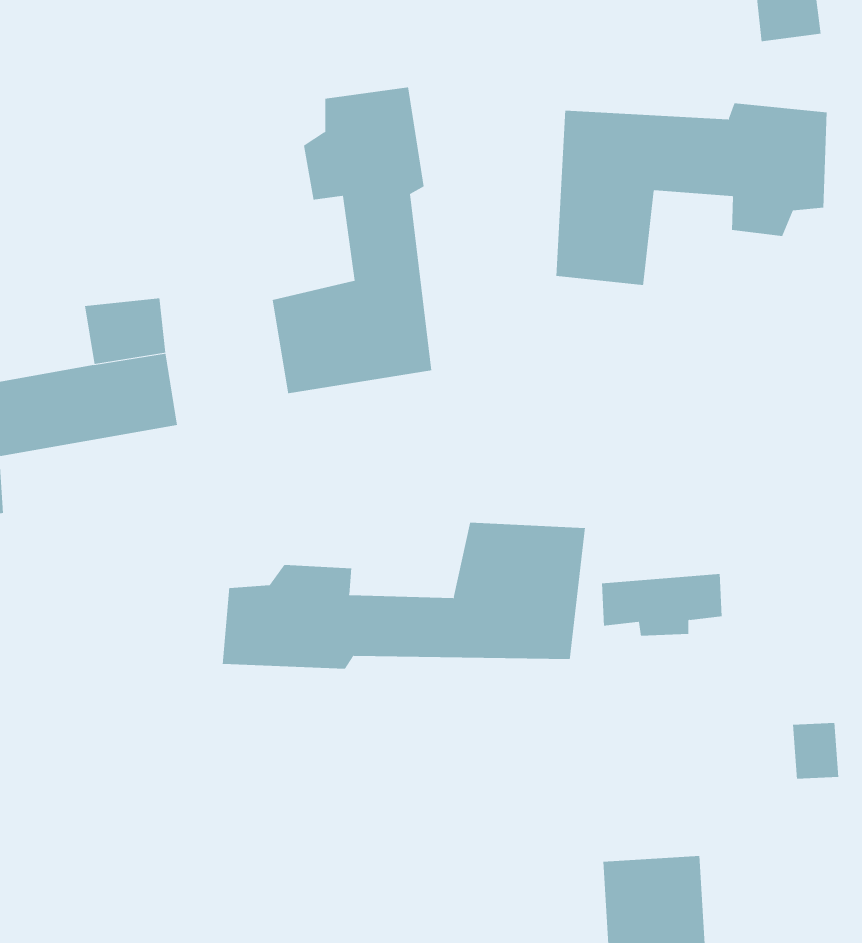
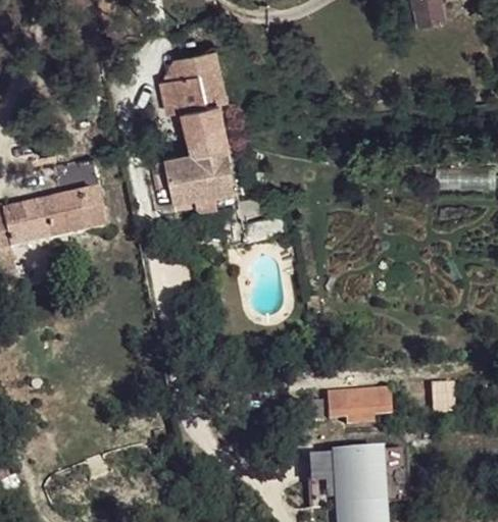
building: [556,103,827,286] -> none
building: [222,522,586,669] -> none
building: [601,573,722,636] -> [320,388,384,421]

